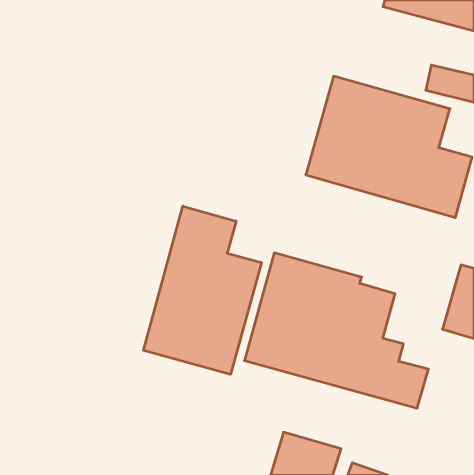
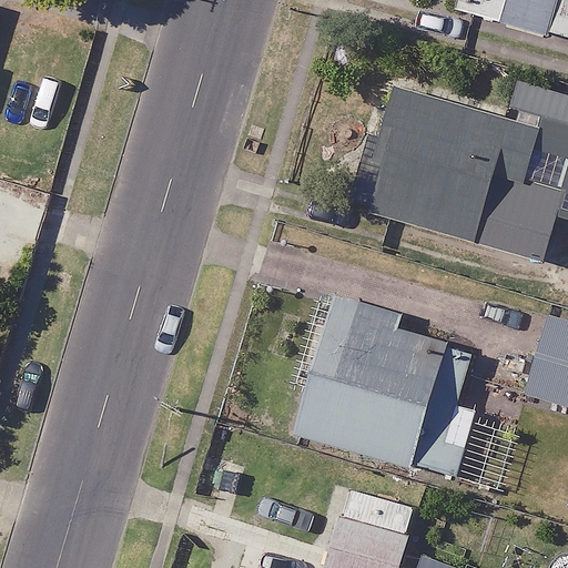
building: [143,206,262,374] -> none

